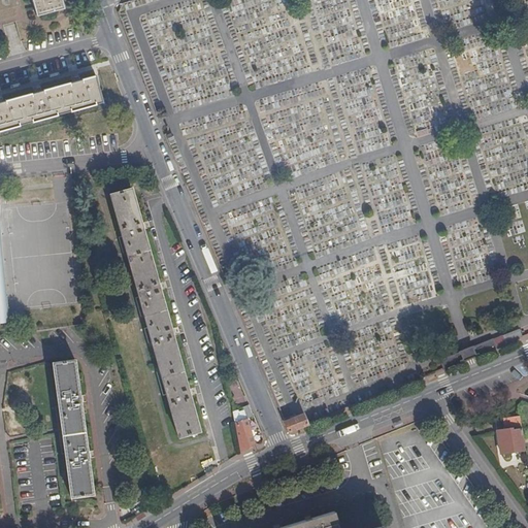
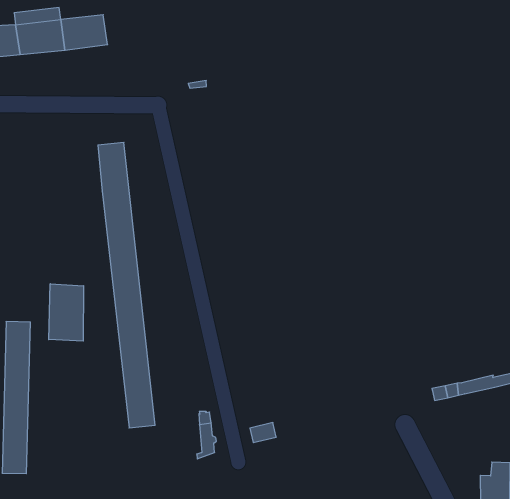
building: none -> [49,284,84,341]

